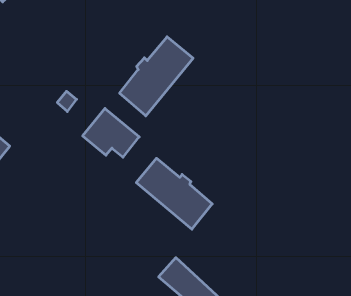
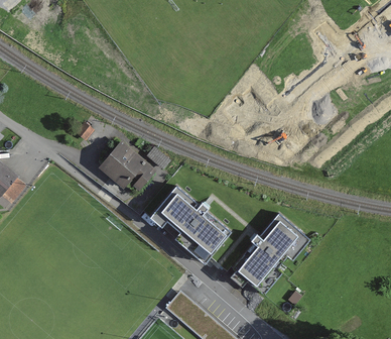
building: [120,37,193,116] -> none
building: none -> [229,218,299,294]

